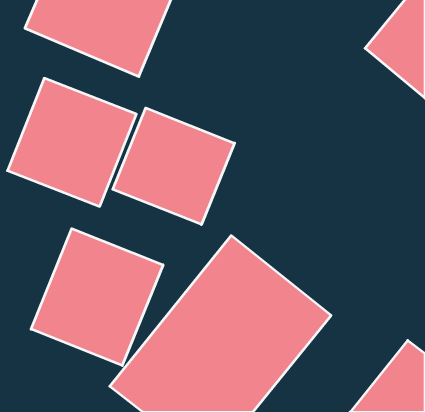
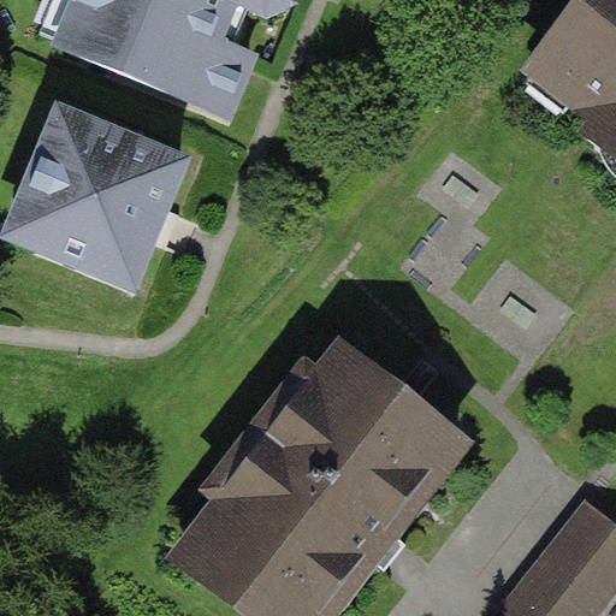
building: [113,108,235,225] -> none
building: [31,229,163,366] -> none

